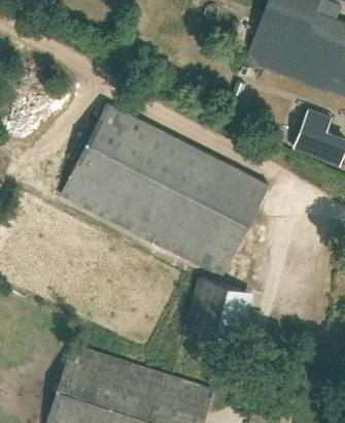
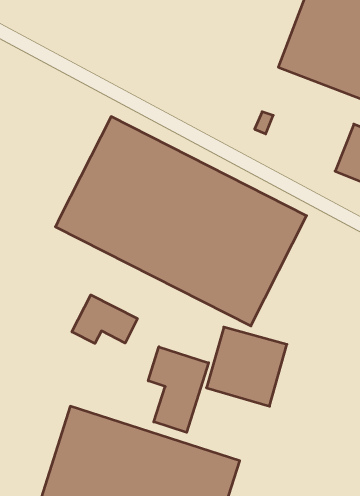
building: none -> [72,295,137,343]
building: none -> [148,347,209,432]

